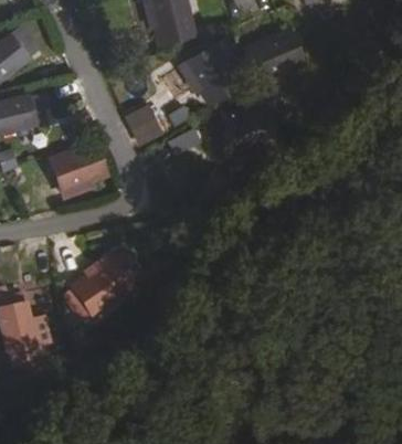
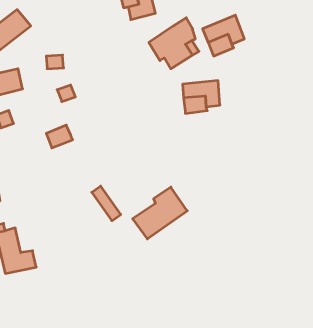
building: [125,102,166,146] -> none
building: [54,146,104,180] -> none
building: [64,257,130,320] -> [133,187,187,239]

